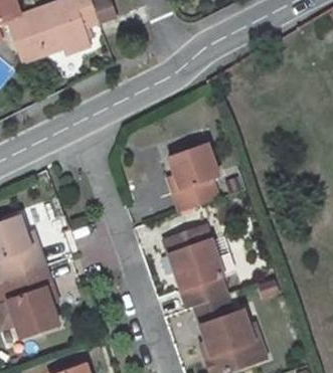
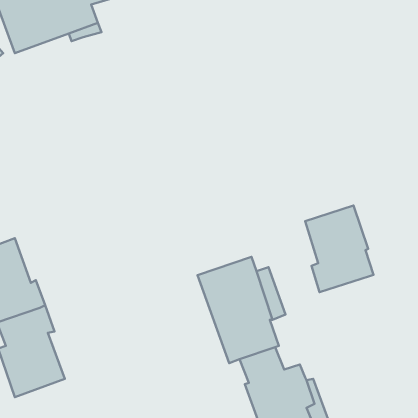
building: [168,147,220,213] -> [305,205,373,292]

